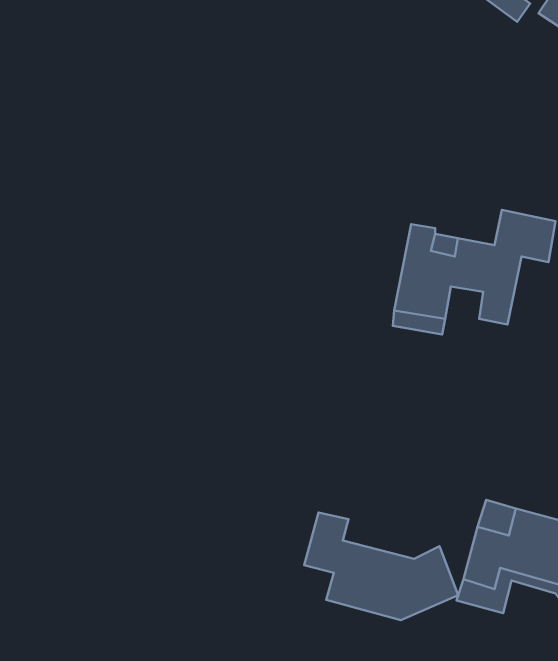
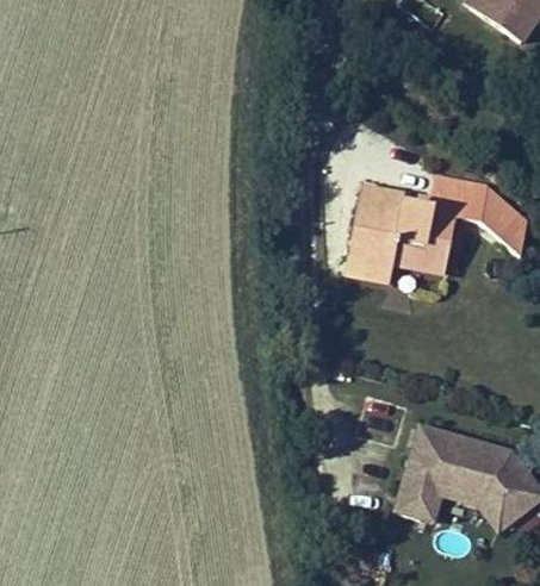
building: [304,513,458,620] -> none

